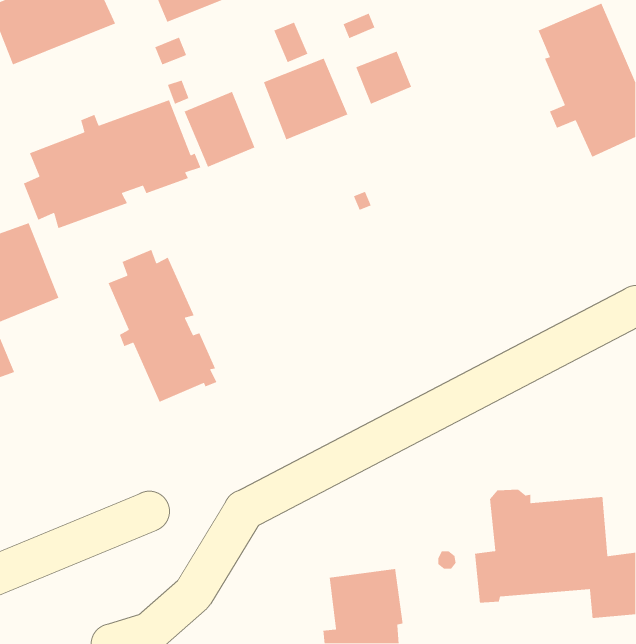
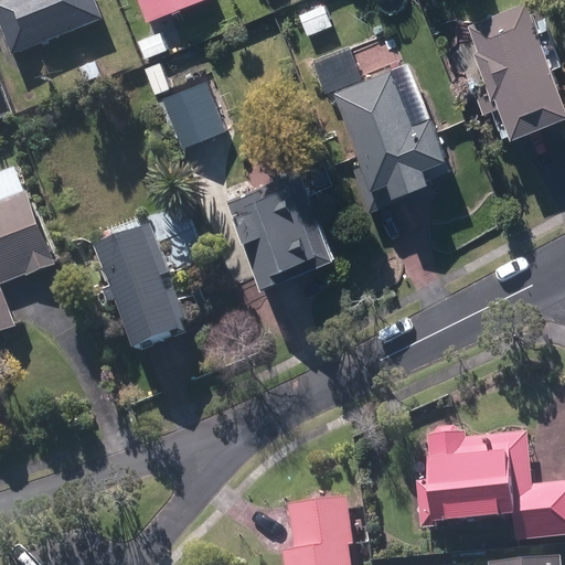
building: [263,57,349,140] -> none
building: none -> [334,67,449,212]
building: [23,99,202,229] -> none
building: none -> [227,169,338,287]

